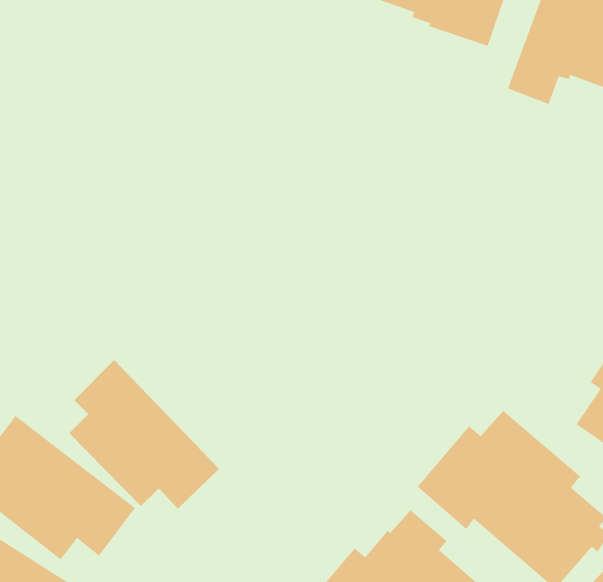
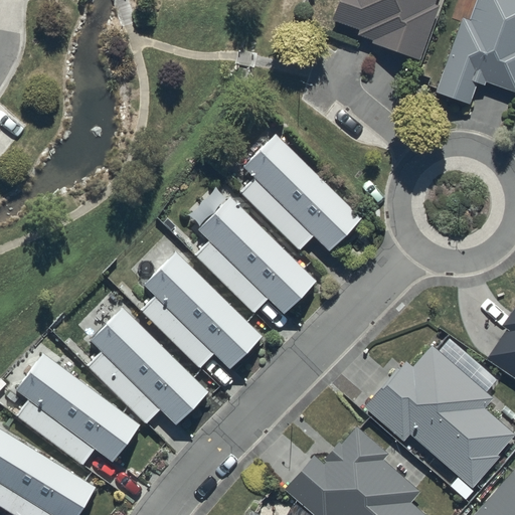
building: none -> [239,132,362,252]
building: none -> [195,194,317,315]
building: none -> [141,251,263,369]

